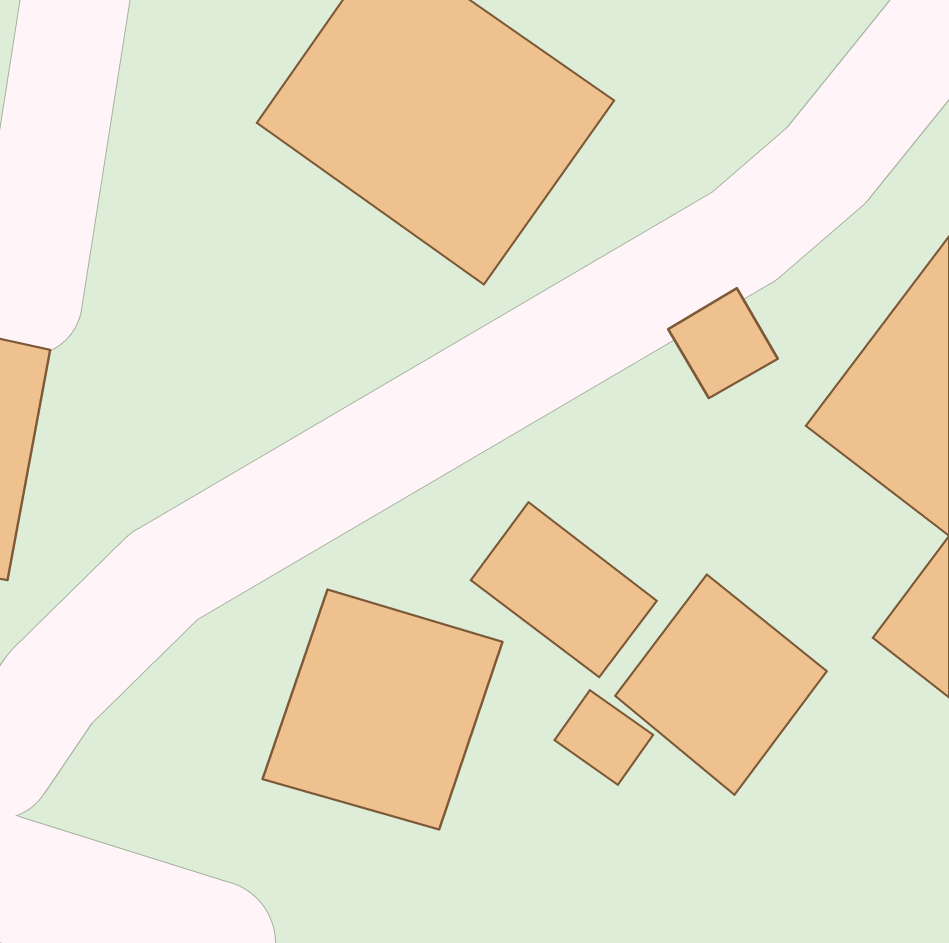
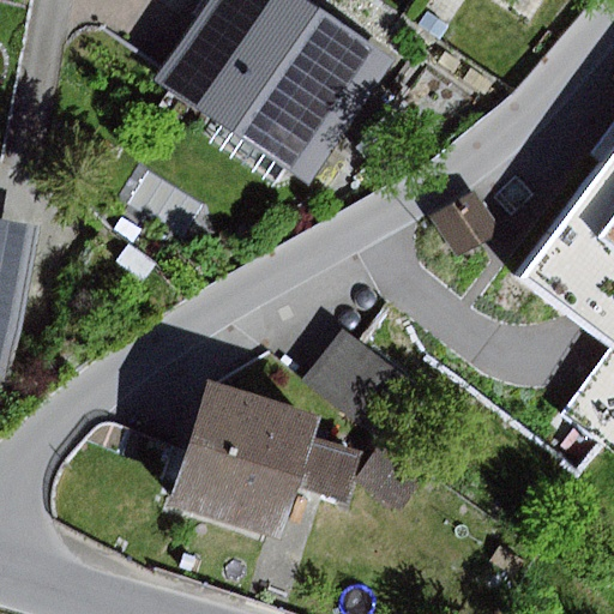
building: [615,574,827,795] -> none

